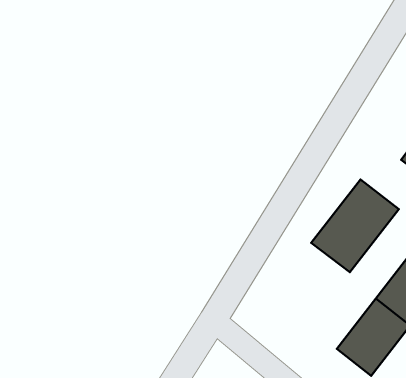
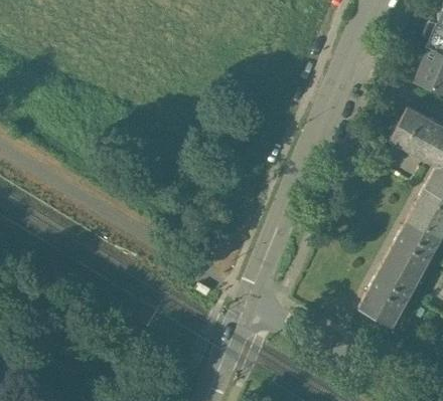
building: [311,180,399,272] -> none

